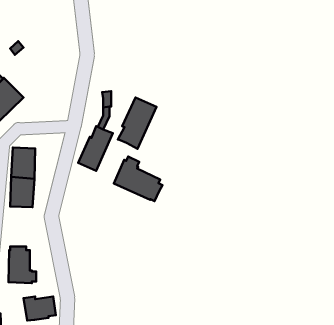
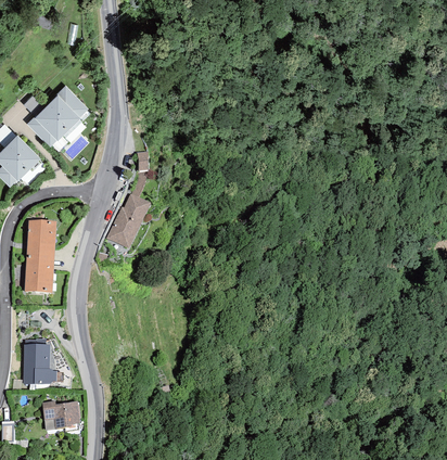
building: none -> [26,87,88,148]
building: [118,97,156,149] -> none
building: [114,156,162,201] -> none

